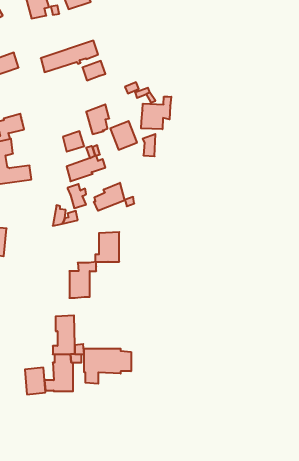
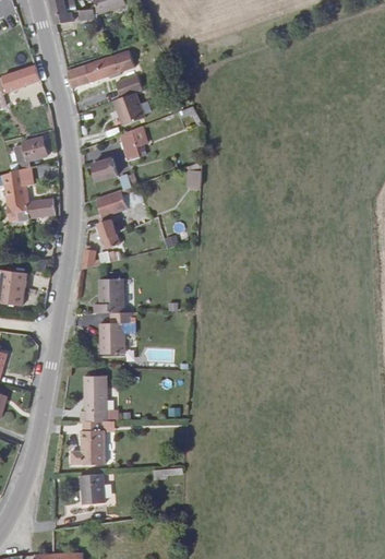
building: [141,97,171,129] -> none
building: [110,121,137,150] -> [112,92,144,126]
building: [94,183,124,211] -> none
building: [95,232,119,262] -> [94,277,122,312]
building: [84,349,131,384] -> none
building: [25,368,45,394] -> [80,473,104,504]

